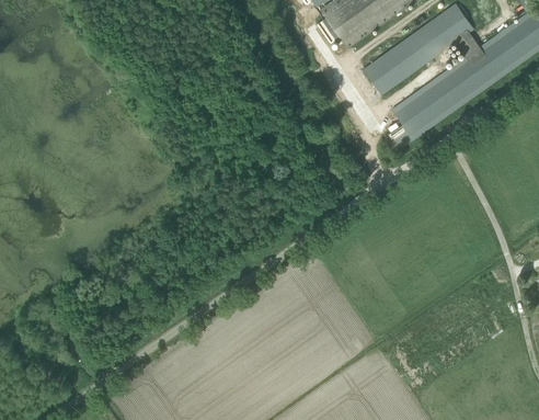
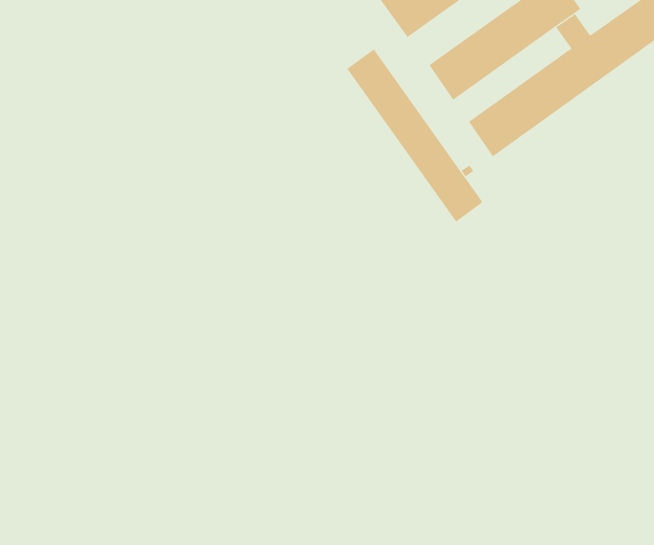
building: none -> [347,48,483,223]

